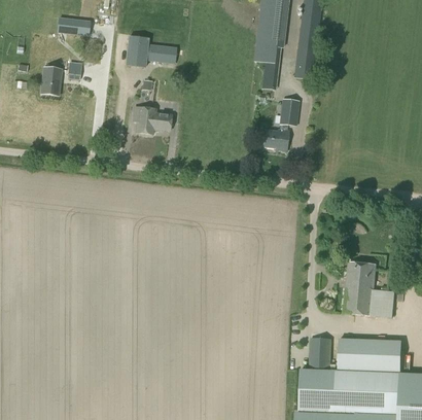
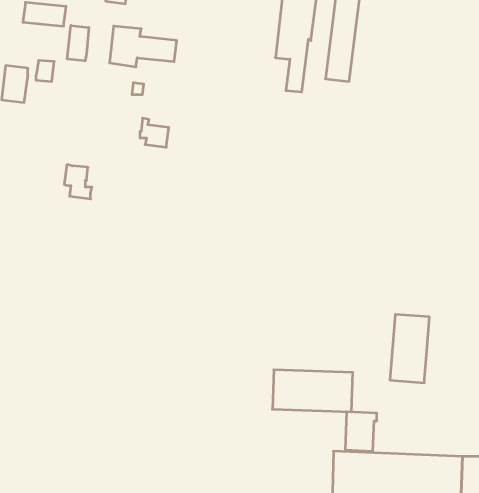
building: none -> [67,25,89,61]
building: [263,99,298,150] -> none
building: [132,106,153,133] -> [64,165,92,199]
building: [371,290,394,317] -> none
building: [339,339,401,372] -> [272,370,353,412]

